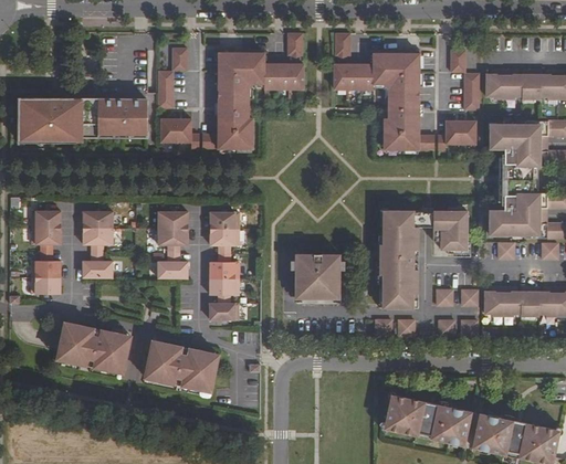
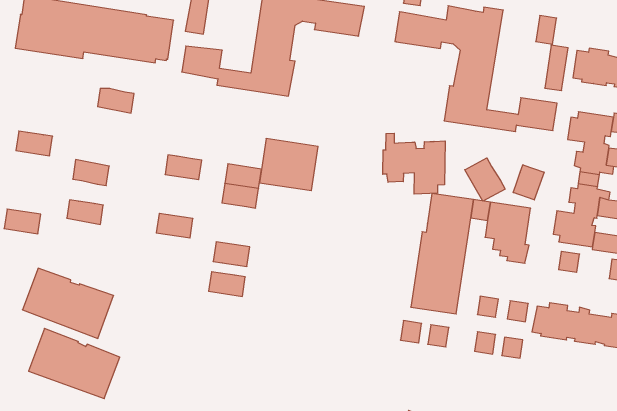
building: none -> [383,133,445,194]
building: none -> [465,158,505,201]
building: none -> [513,165,544,200]
building: [83,211,112,229] -> [98,88,134,113]
building: [32,228,61,244] -> none
building: [159,229,188,245] -> none
building: [295,254,339,292] -> [259,139,318,191]
building: [32,261,61,277] -> none
building: [210,262,239,278] -> none
building: [145,340,219,391] -> [29,328,120,399]

